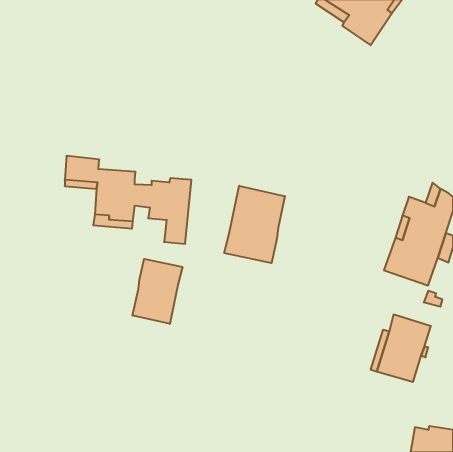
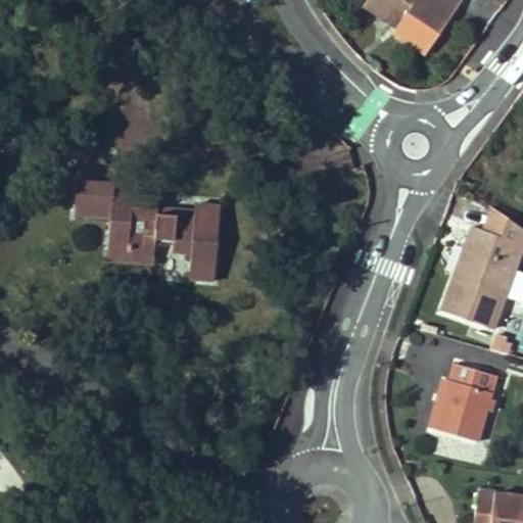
building: [224,186,285,263] -> none
building: [133,259,182,324] -> none

